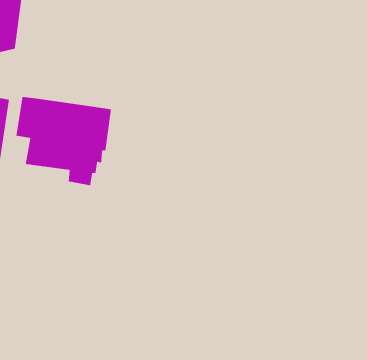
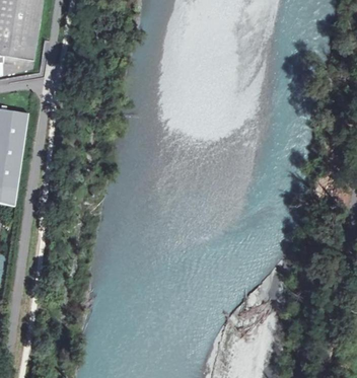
building: [16,96,112,186] -> none

